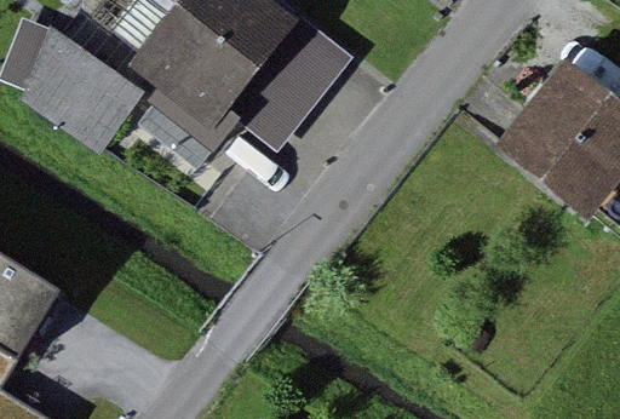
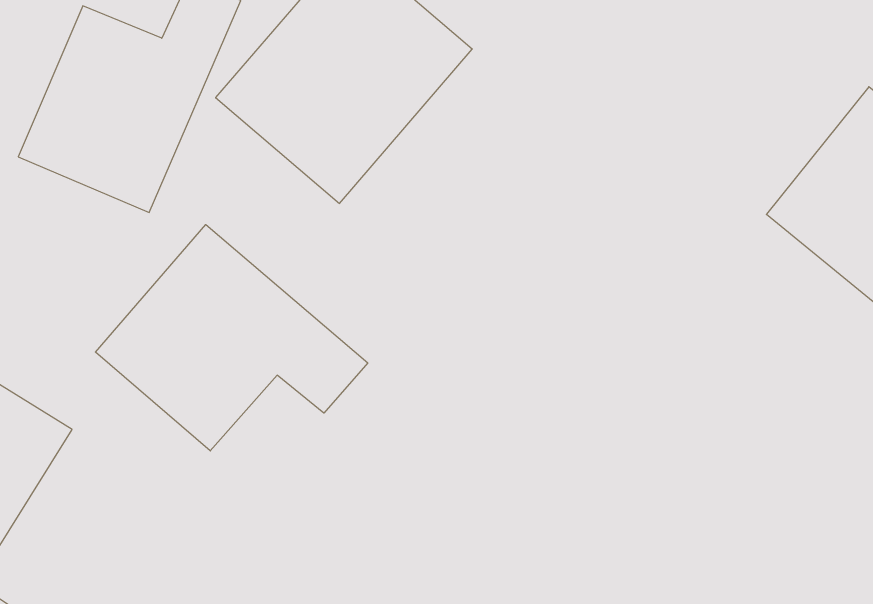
building: none -> [95,225,368,451]

